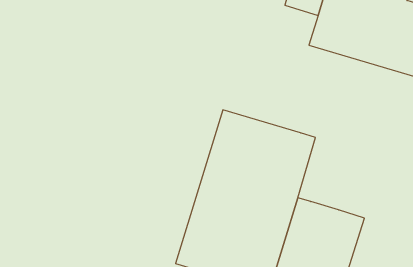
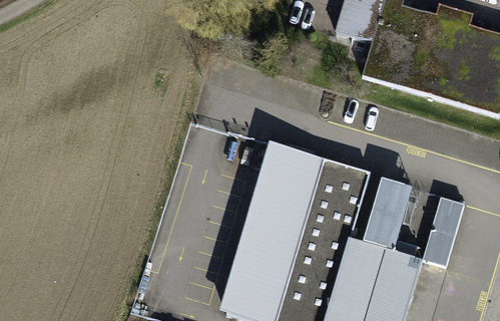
building: none -> [365,180,414,251]
building: none -> [423,197,462,265]

